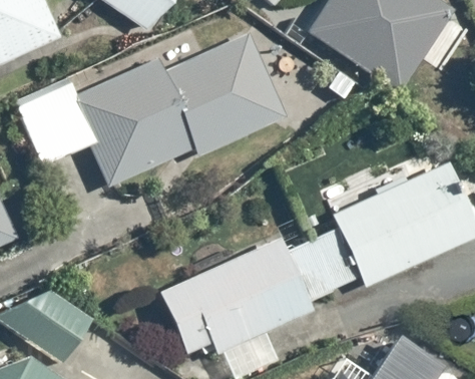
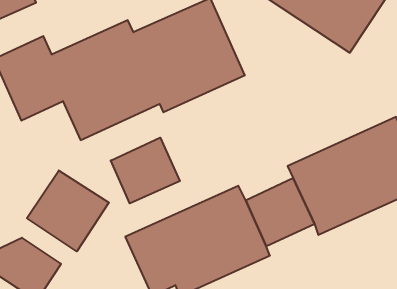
building: none -> [111,138,180,203]
building: none -> [27,170,109,251]

